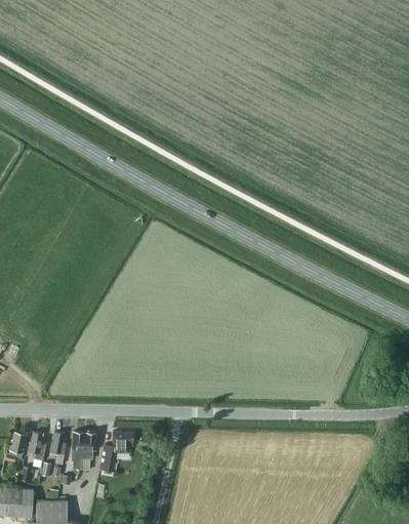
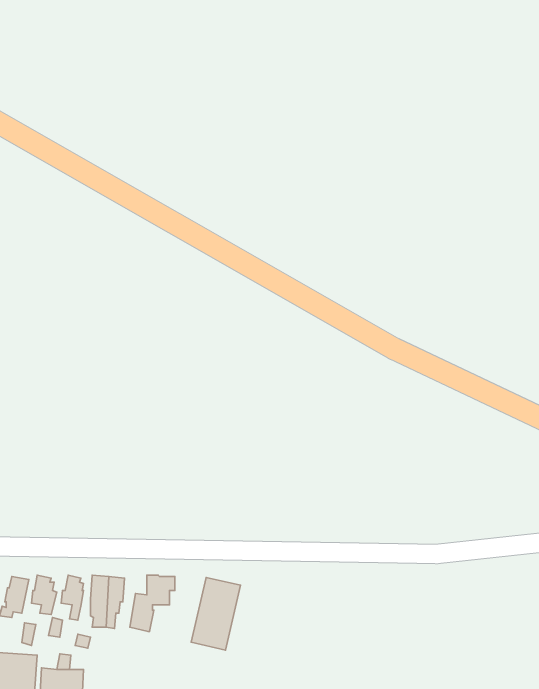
building: none -> [191,578,240,650]

